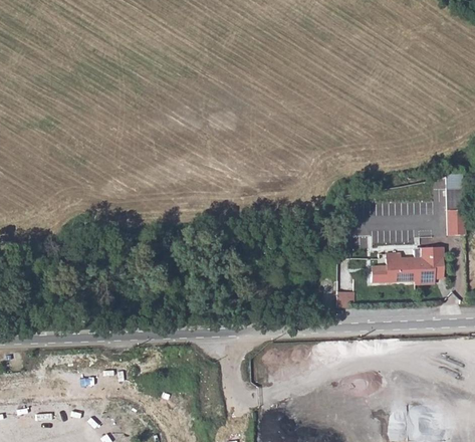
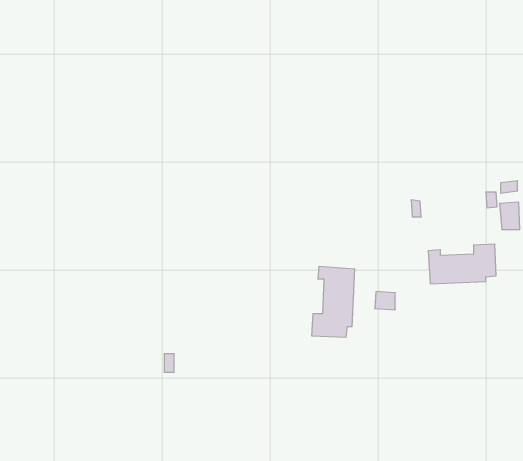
building: none -> [312,266,354,337]

